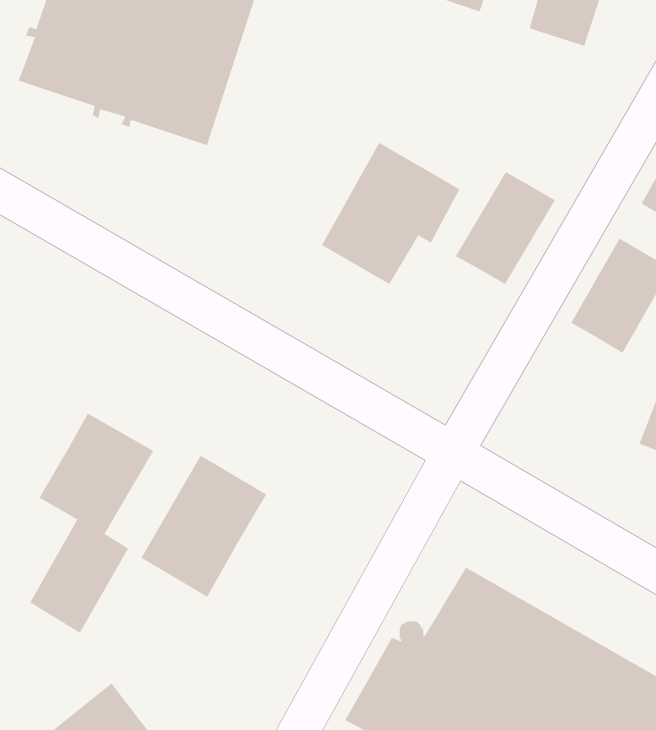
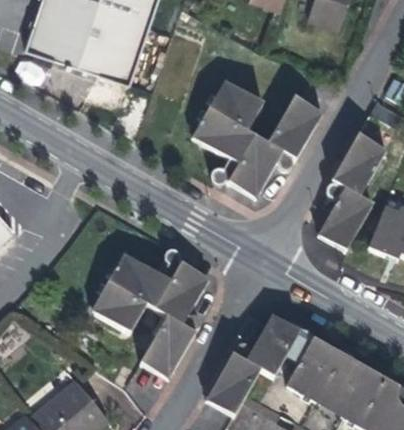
building: none -> [220,131,283,197]
building: none -> [318,187,373,250]
building: [30,413,154,633] -> [141,256,210,378]

